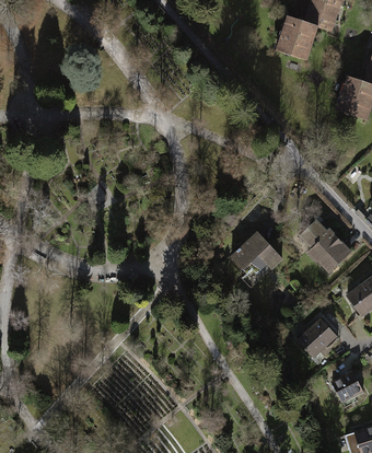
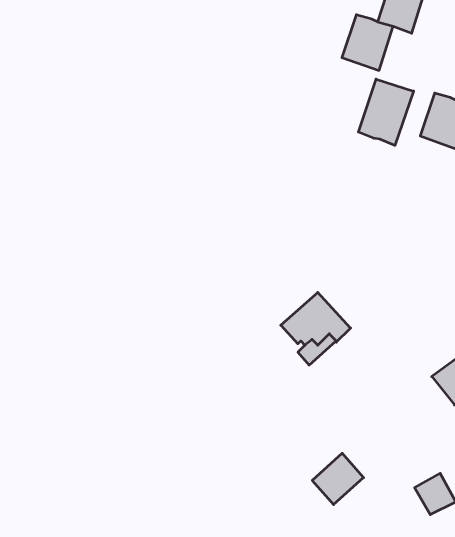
building: none -> [358,79,414,145]
building: [295,216,351,272] -> none
building: [298,316,337,356] -> [312,453,364,505]

